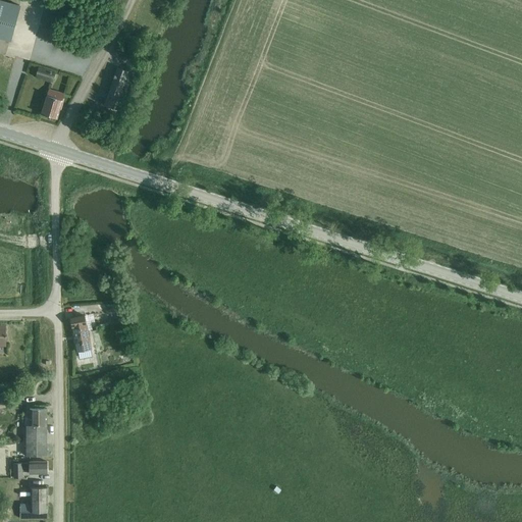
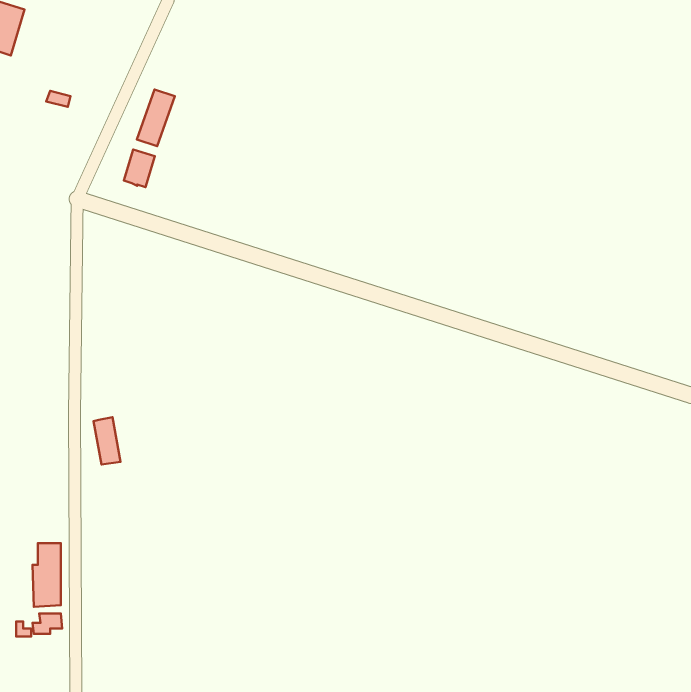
building: [39,91,62,119] -> [124,149,155,187]
building: [18,487,47,512] -> none

